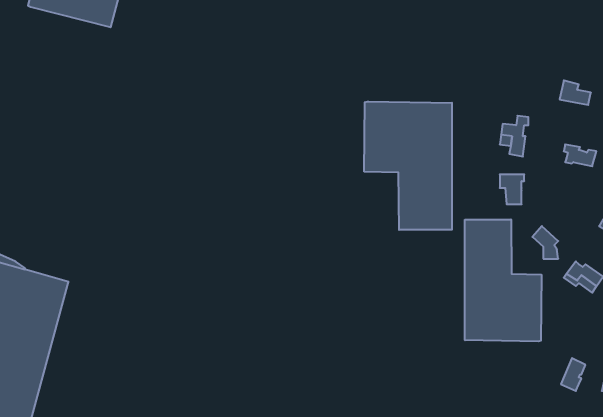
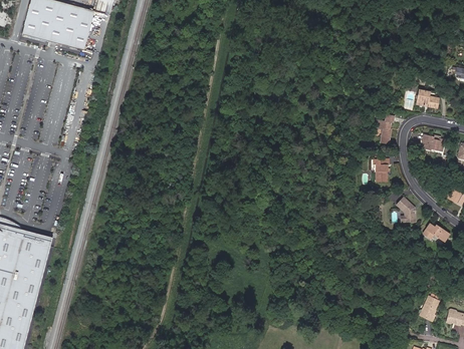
building: [364,101,452,230] -> none
building: [465,219,541,341] -> none

